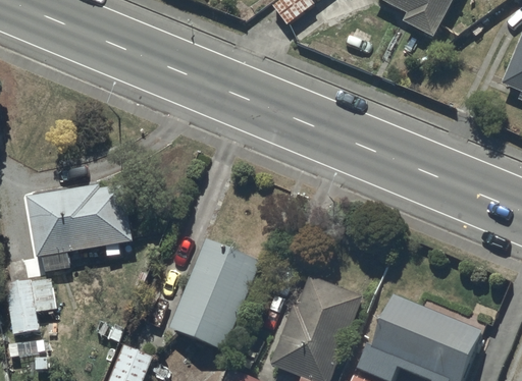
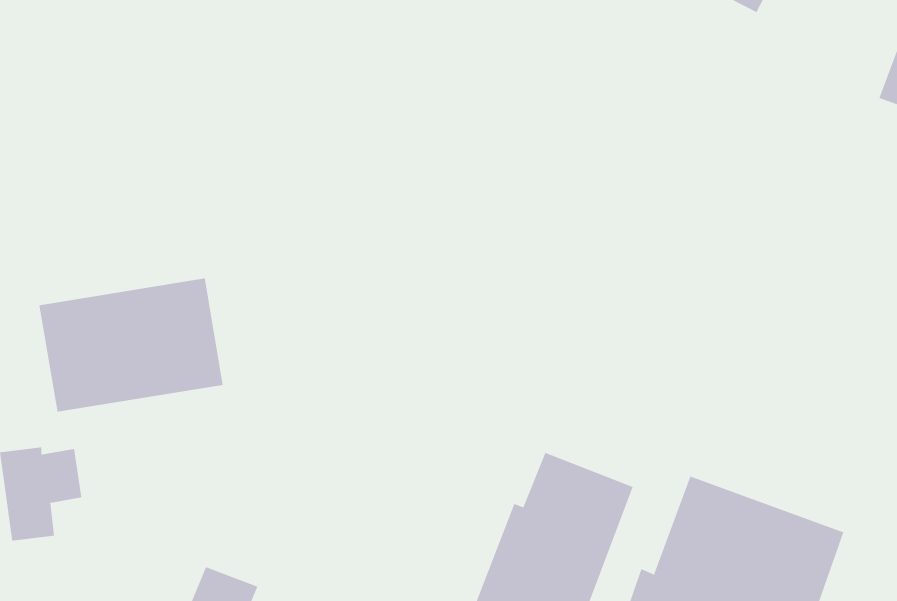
building: [168,241,262,353] -> none

